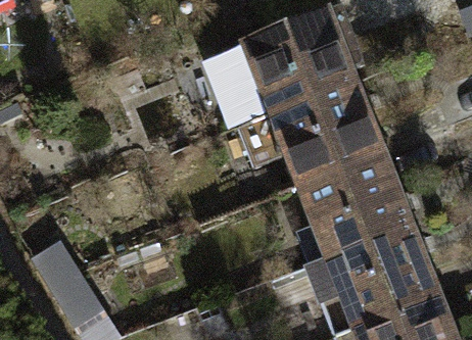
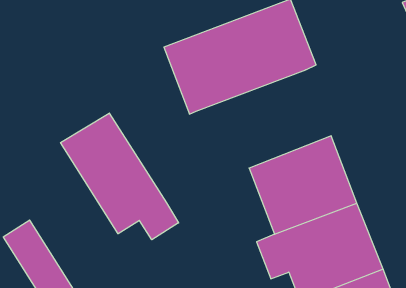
building: [239,80,385,186] -> none
building: none -> [61,113,179,240]

